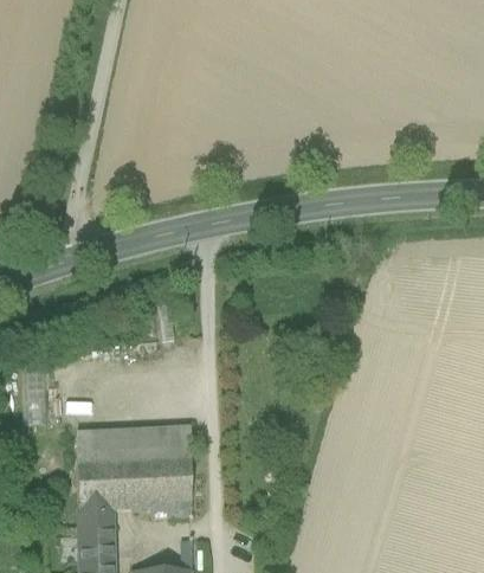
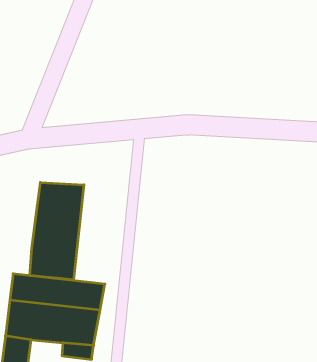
building: none -> [30,182,84,280]

